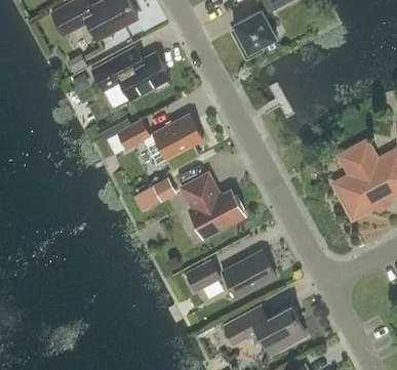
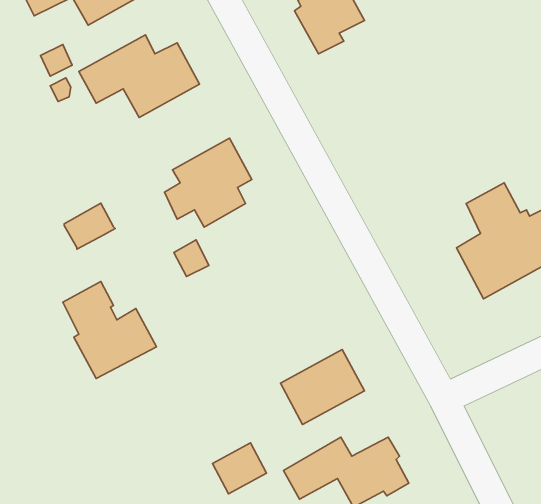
building: [117,120,150,150] -> [64,203,115,249]
building: [183,174,243,237] -> [63,282,157,379]
building: [186,260,221,293] -> [212,443,266,494]

